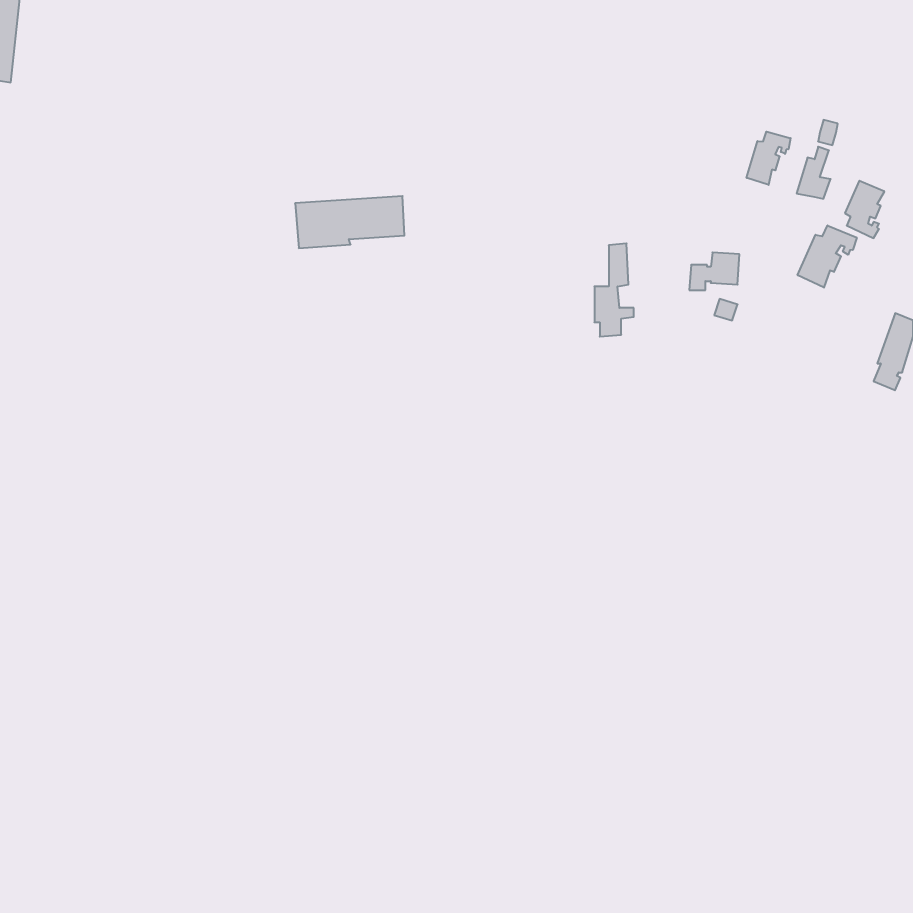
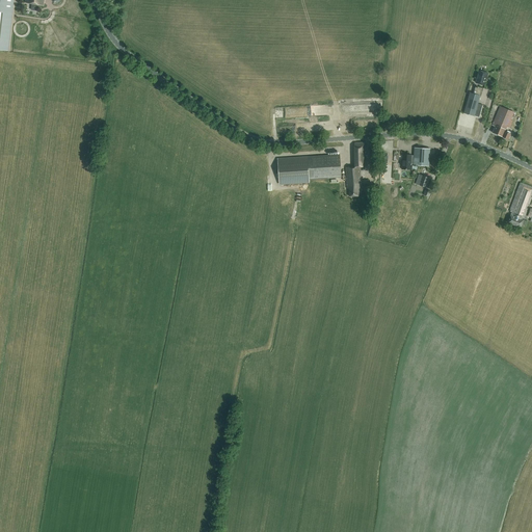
building: [747,132,791,185] -> none
building: [295,196,404,248] -> [276,154,340,184]
building: [798,225,857,288] -> none

